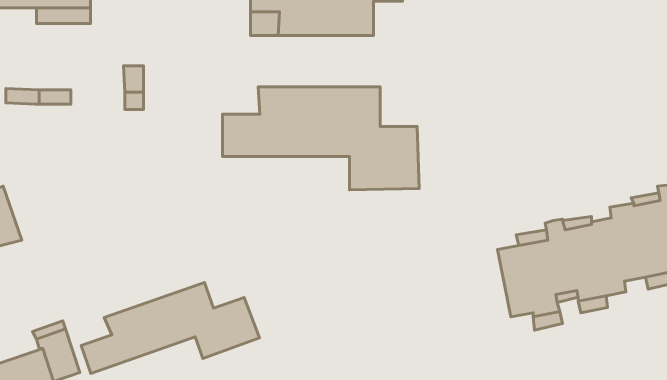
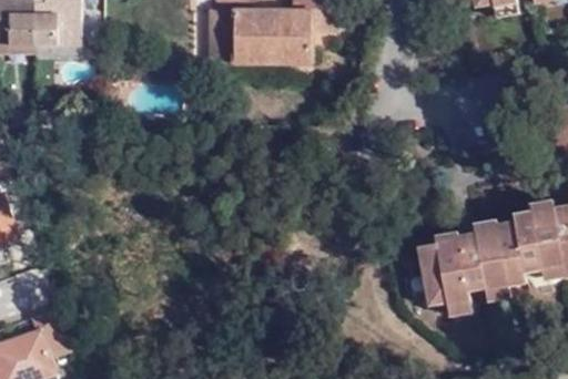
building: [223,87,419,190] -> none
building: [81,282,260,373] -> none

